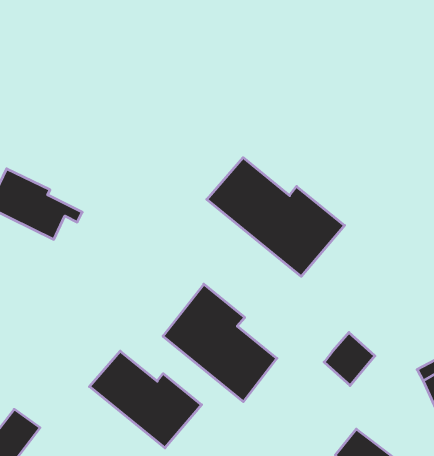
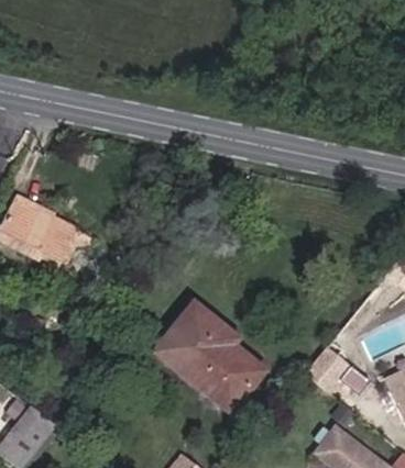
building: [207,158,345,276] -> none
building: [89,351,202,448] -> none

